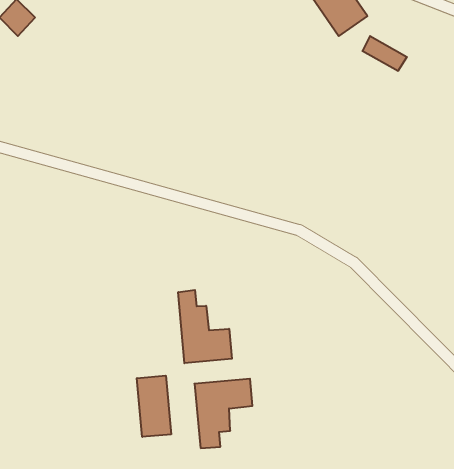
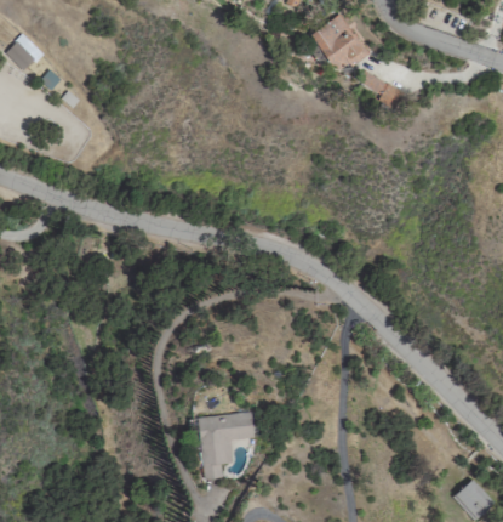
building: [178,290,232,363] -> none
building: [137,376,171,437] -> none

